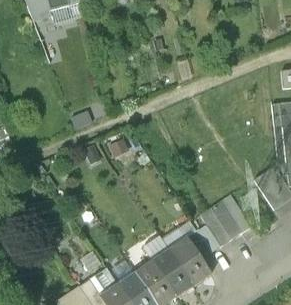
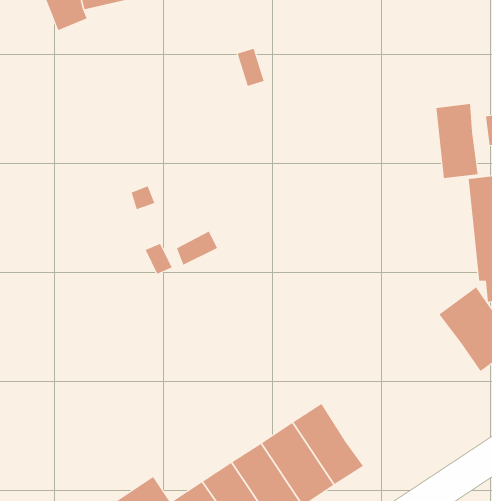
building: none -> [436,103,478,179]
building: [186,194,250,258] -> none

